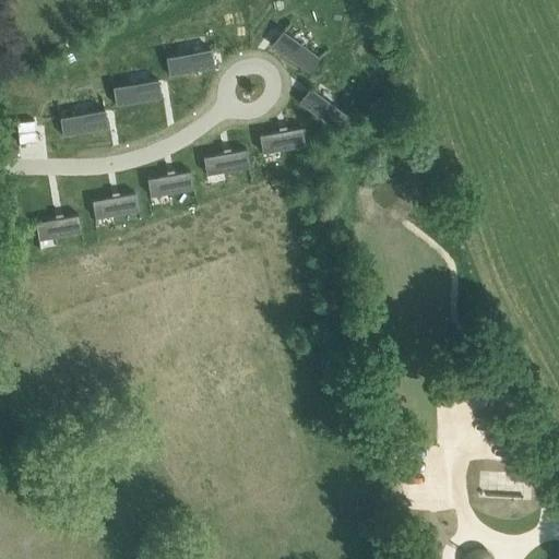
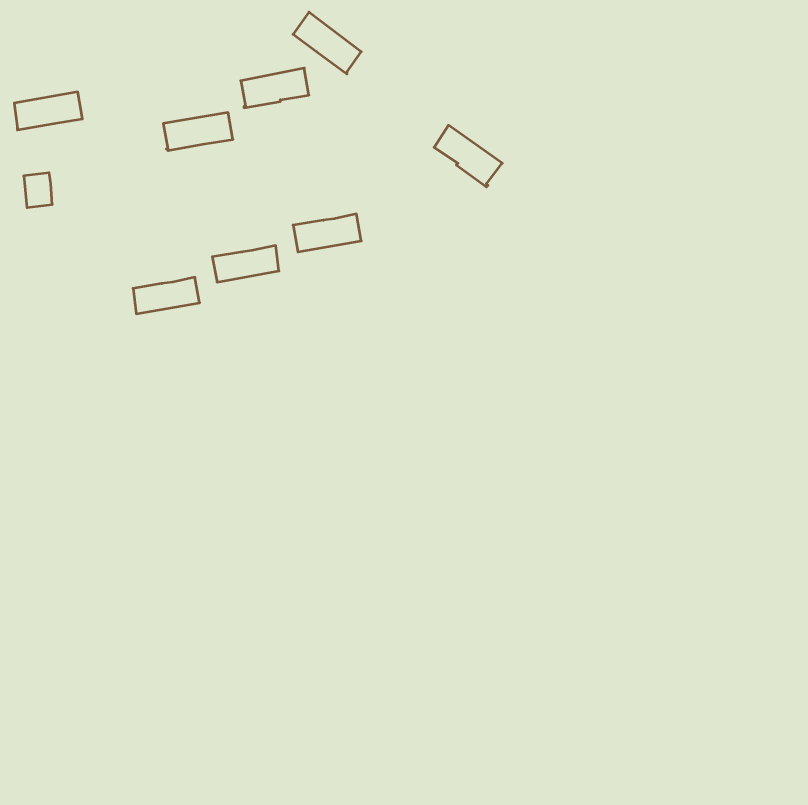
building: [272,32,319,74] -> [293,12,361,74]
building: [61,111,108,138] -> [14,92,82,130]
building: [260,129,306,155] -> none
building: [36,216,82,241] -> none

